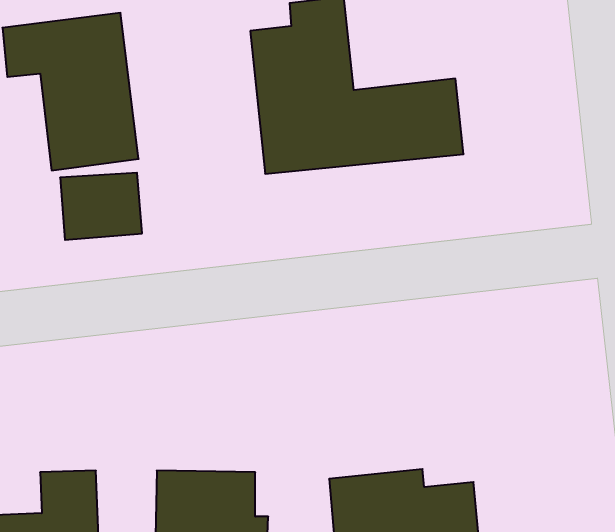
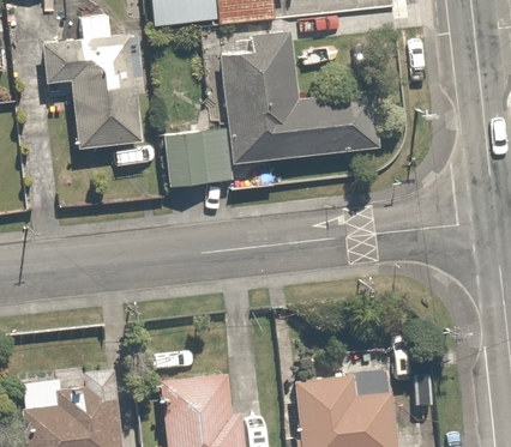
building: [60,173,142,240] -> [163,139,223,188]

